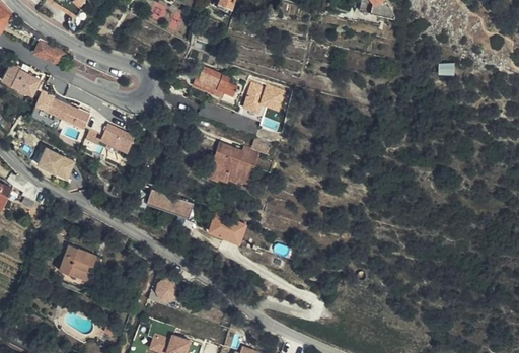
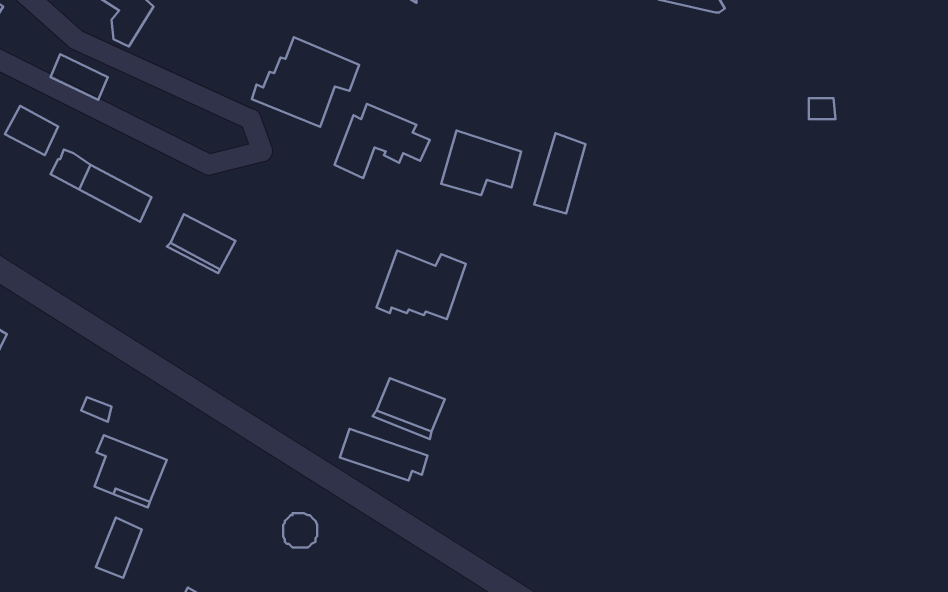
building: none -> [252,37,359,127]
building: none -> [534,133,586,213]
building: [36,147,76,178] -> none
building: [146,187,193,214] -> [340,429,427,480]
building: none -> [96,518,142,578]

